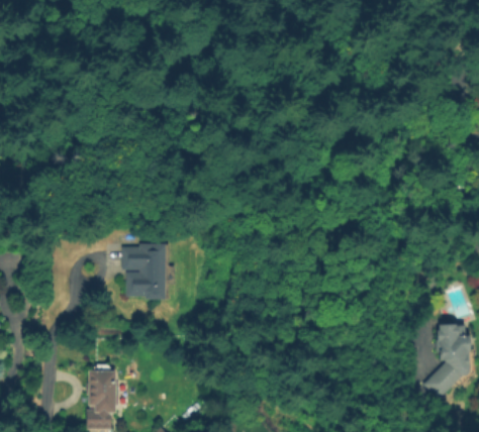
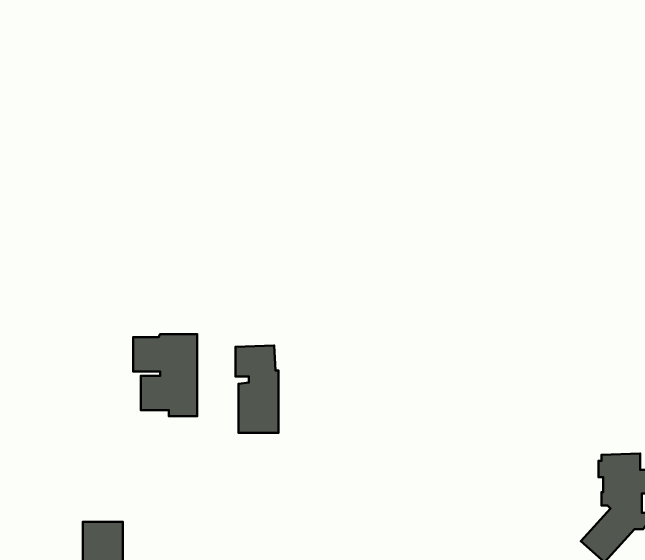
building: none -> [236,345,279,433]

